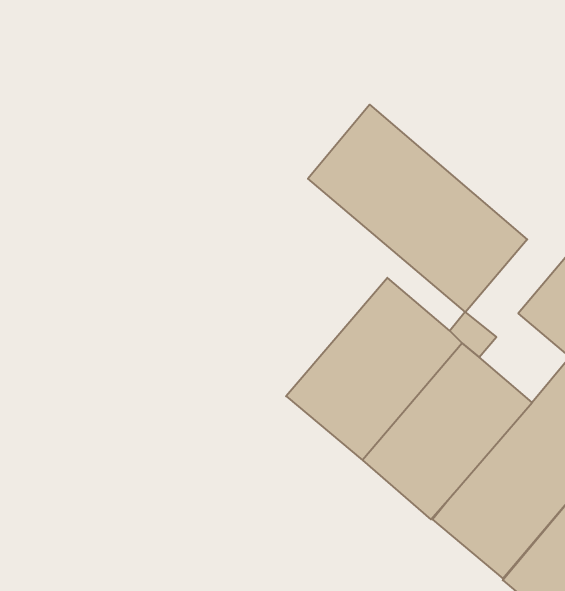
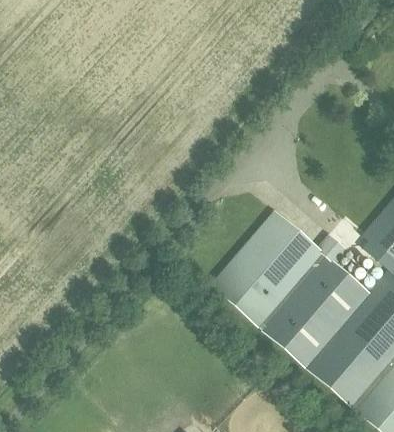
building: [308,105,527,312] -> none

